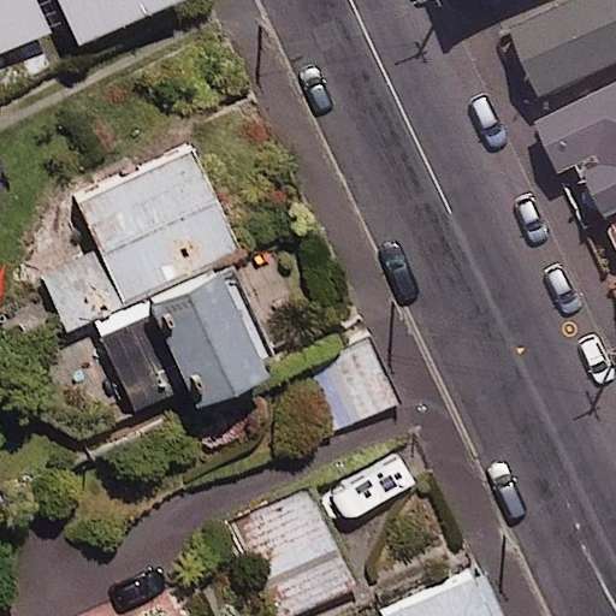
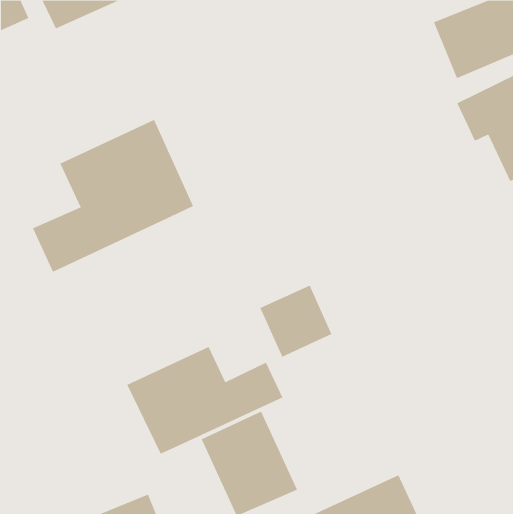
building: [89,260,257,419] -> none
building: none -> [127,346,283,454]

